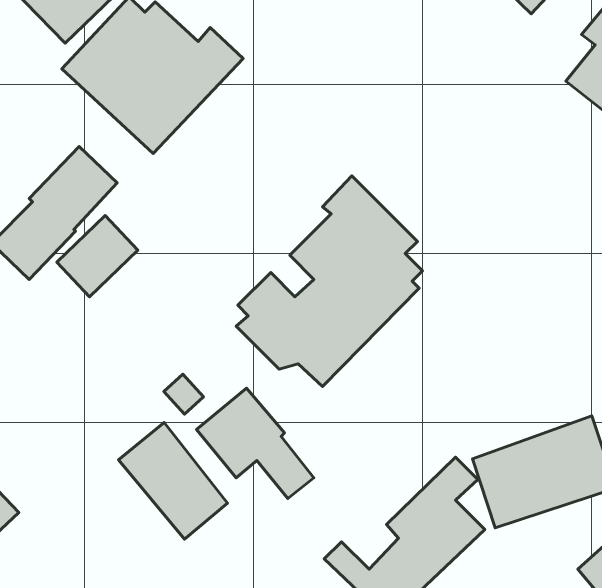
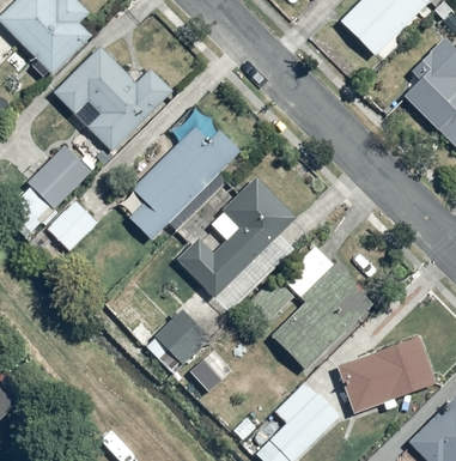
building: none -> [122,102,245,239]
building: none -> [268,242,377,372]
building: [119,422,227,539] -> none

